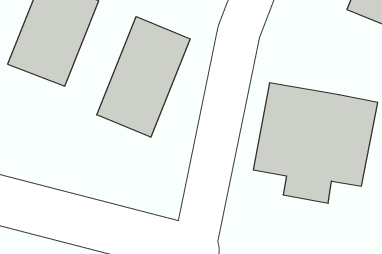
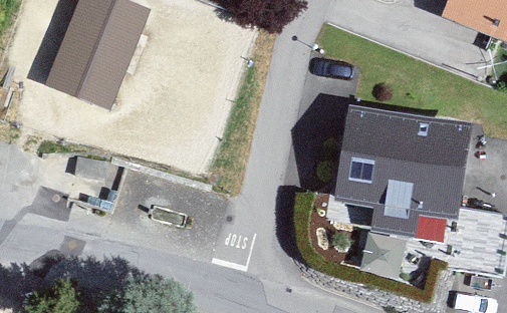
building: [97,17,190,137] -> none

